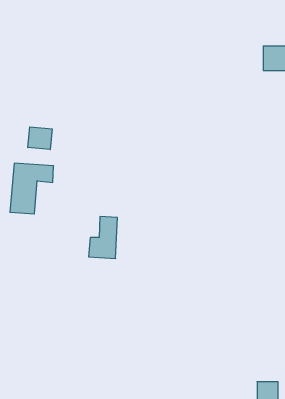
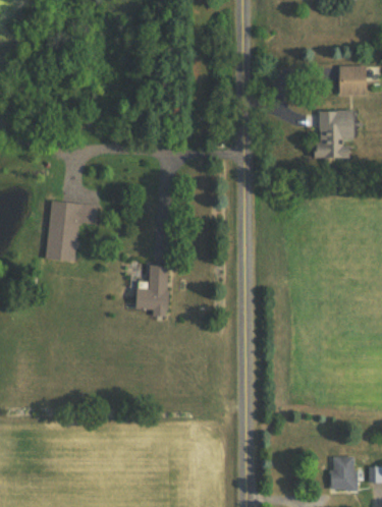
building: none -> [317,110,354,158]
building: [28,127,52,150] -> none

